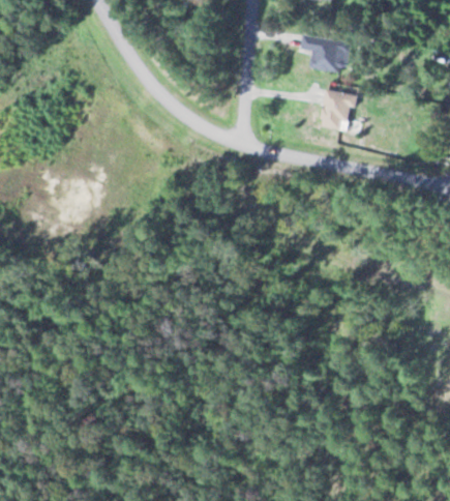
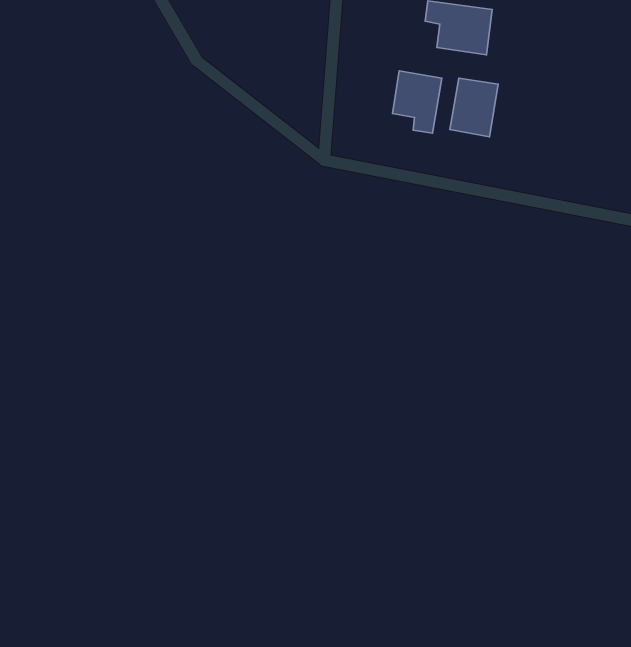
building: none -> [392,71,442,133]

